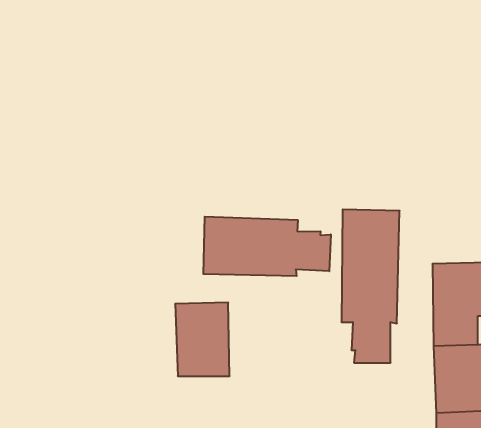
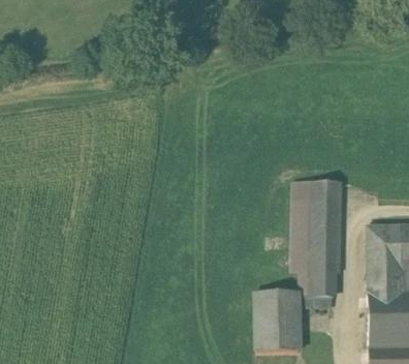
building: [203,217,331,276] -> none
building: [175,303,230,376] -> [255,291,300,351]

